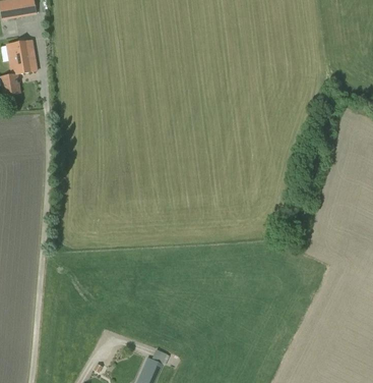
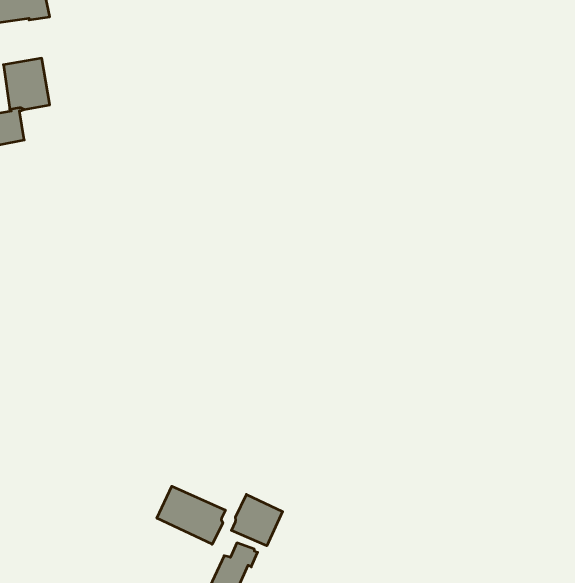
building: none -> [157,486,225,544]
building: none -> [231,494,283,546]

